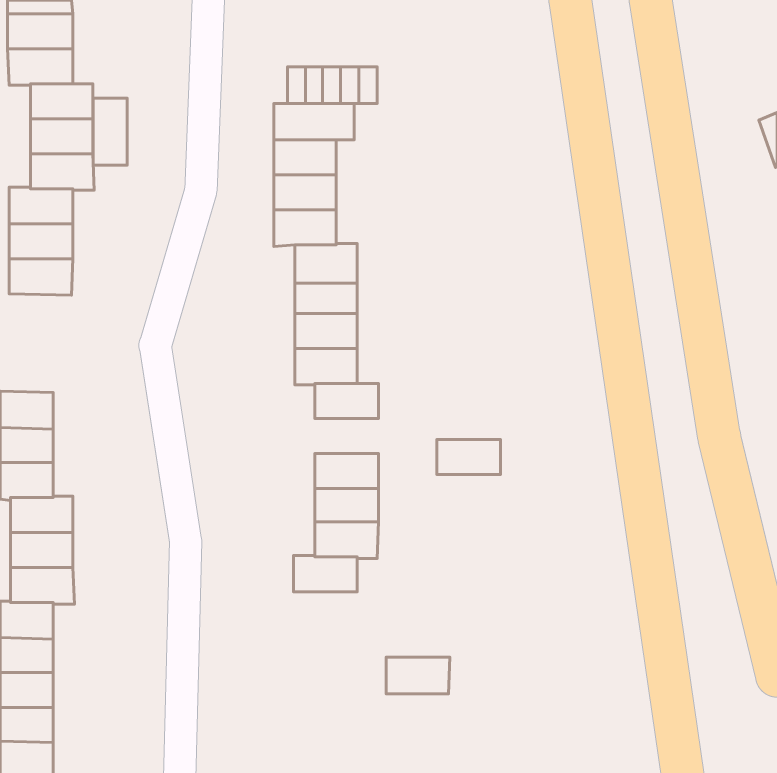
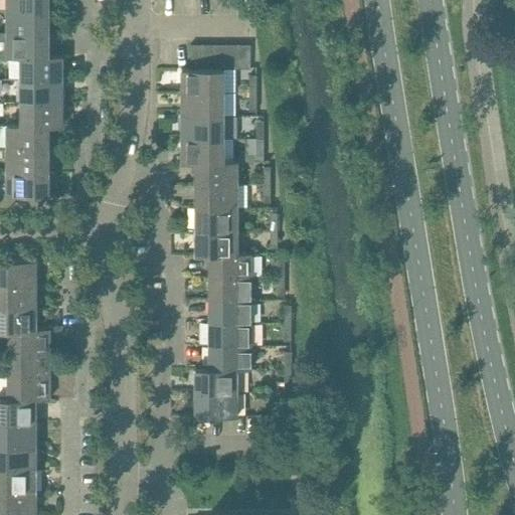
building: [93,98,127,165] -> none
building: [437,440,501,475] -> [208,280,250,303]
building: [386,657,450,694] -> [194,394,236,418]

